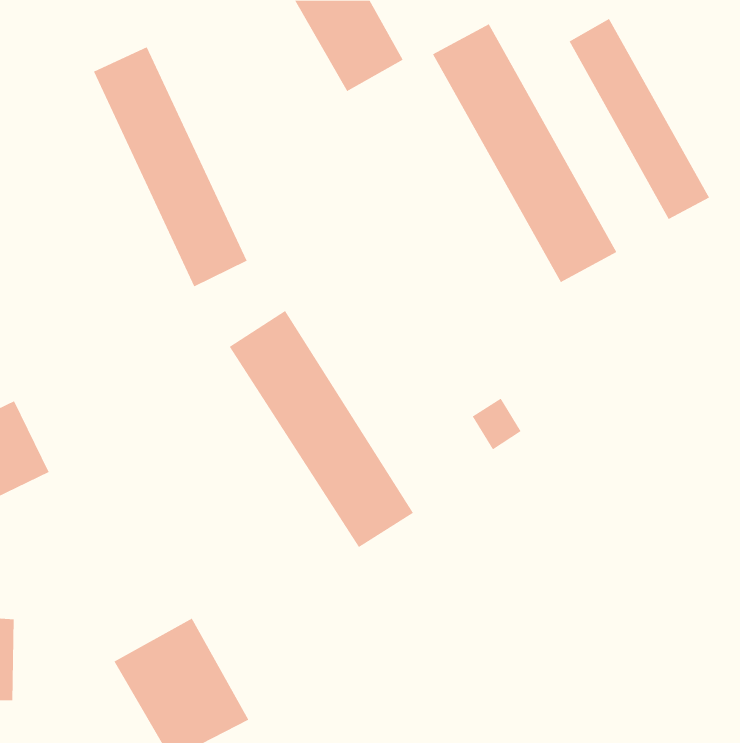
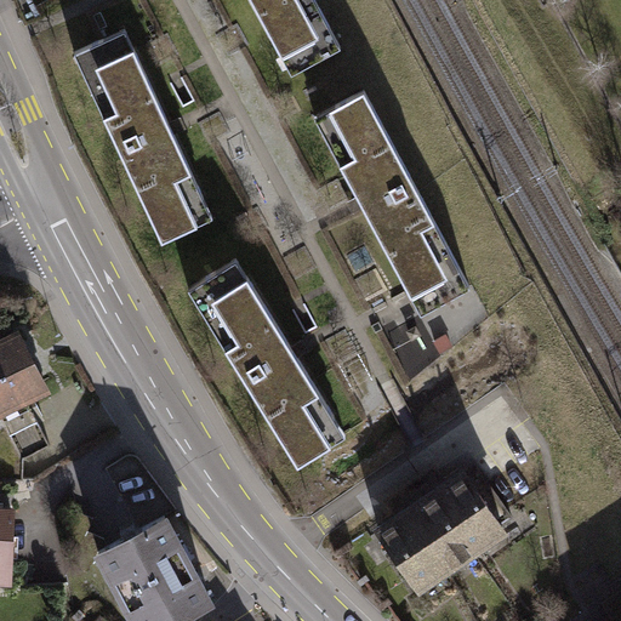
building: [569,18,710,220] -> none
building: [432,24,617,283] -> [312,93,466,309]
building: none -> [377,473,512,597]

